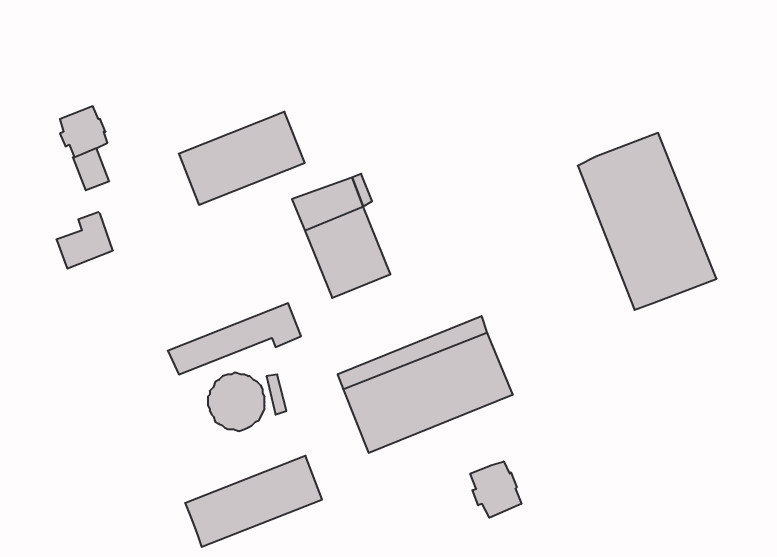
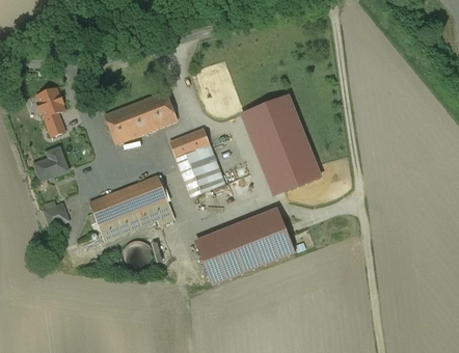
building: [578,133,717,310] -> [241,94,320,195]
building: none -> [45,200,69,225]
building: [185,456,322,547] -> [89,174,167,226]
building: [470,461,521,518] -> none

